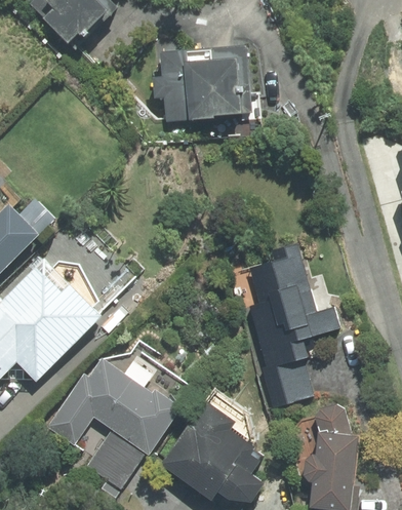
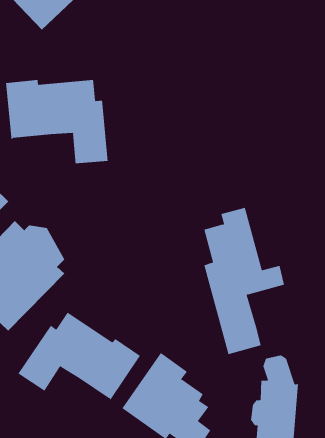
building: [152,45,252,122] -> none
building: none -> [6,79,108,164]
building: [88,431,147,488] -> none

